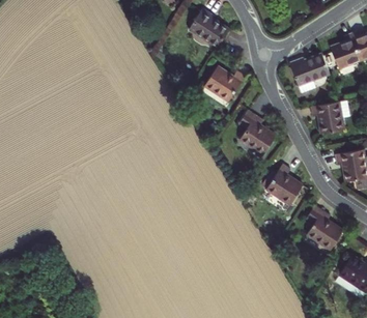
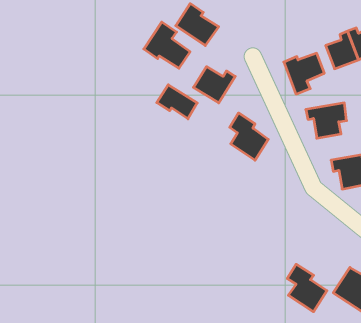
building: none -> [144,22,190,68]
building: none -> [157,85,197,119]
building: [265,165,302,204] -> none
building: [305,205,342,250] -> [287,264,327,312]

